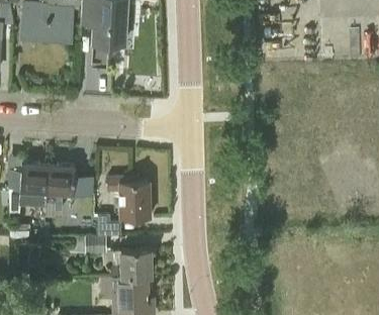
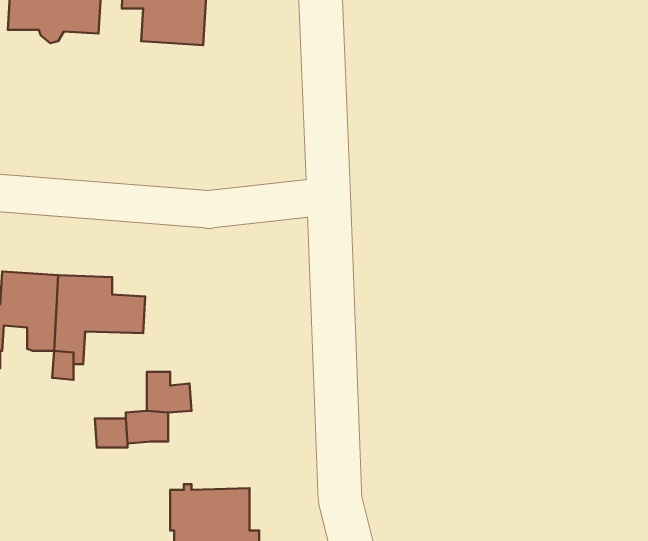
building: [106,176,151,219] -> none
building: [118,249,152,277] -> none

